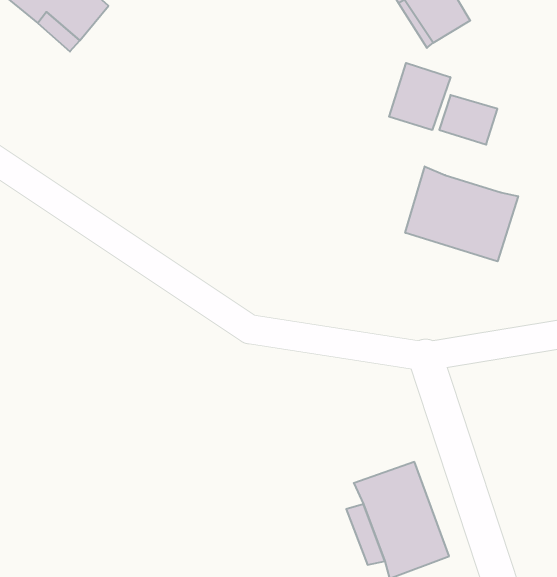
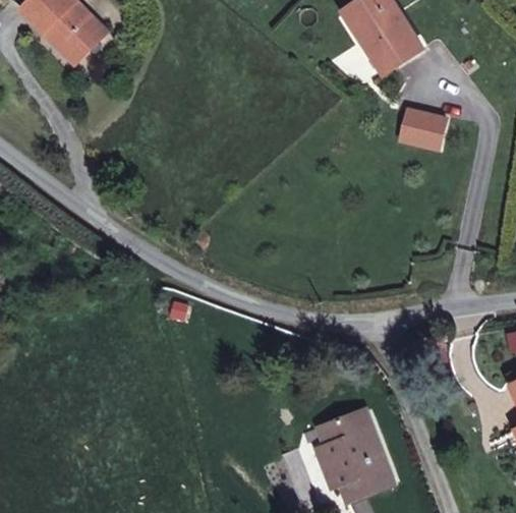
building: [389,63,450,130] -> none
building: [405,166,518,261] -> none

